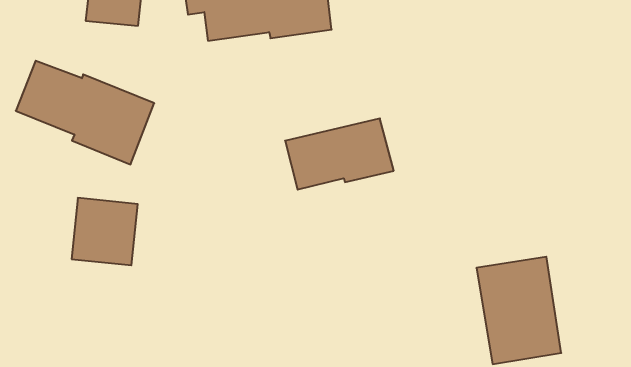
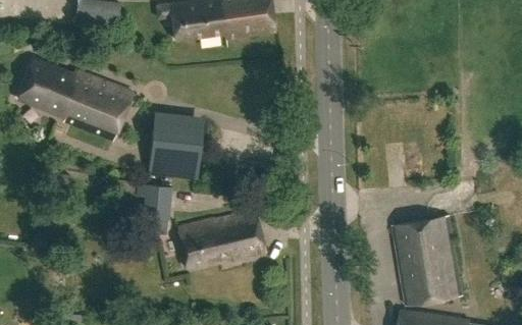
building: [285,118,394,190] -> [175,209,264,267]
building: [72,198,138,265] -> [147,123,201,178]
building: none -> [142,183,170,217]

